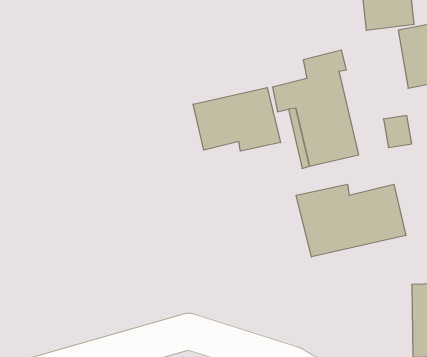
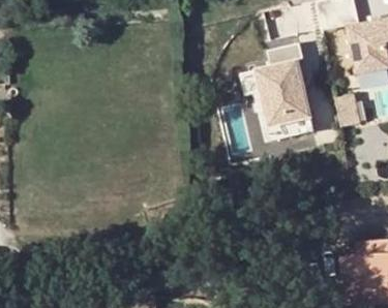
building: [193,87,281,151] -> none
building: [296,184,406,257] -> none

